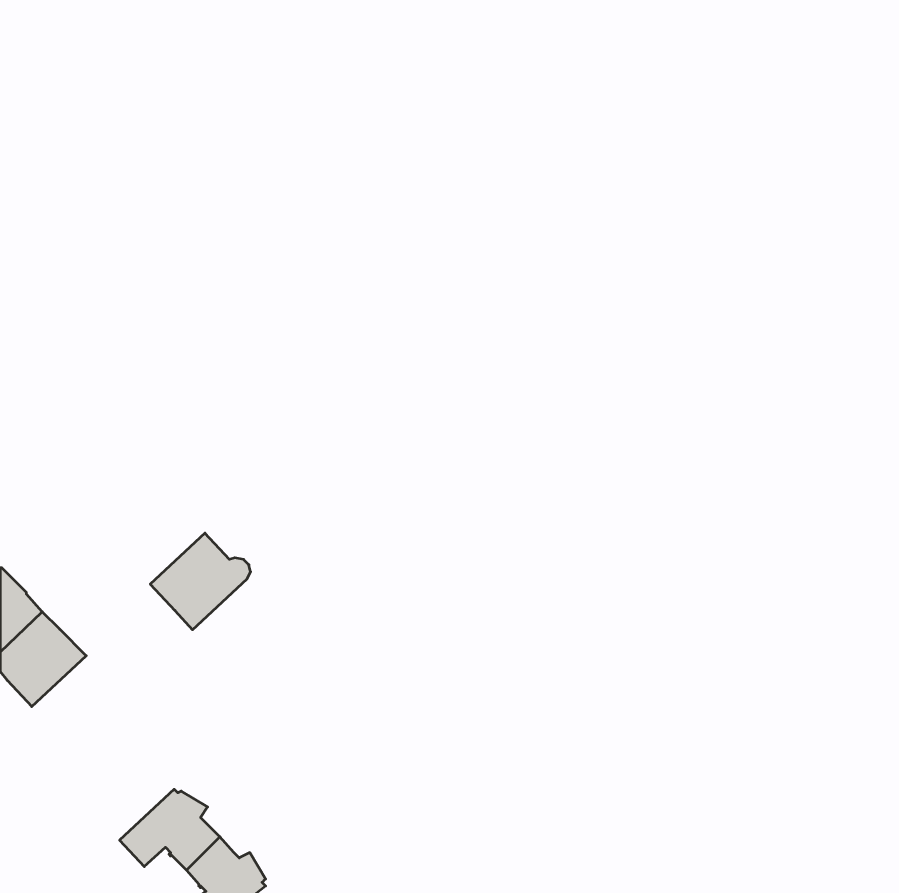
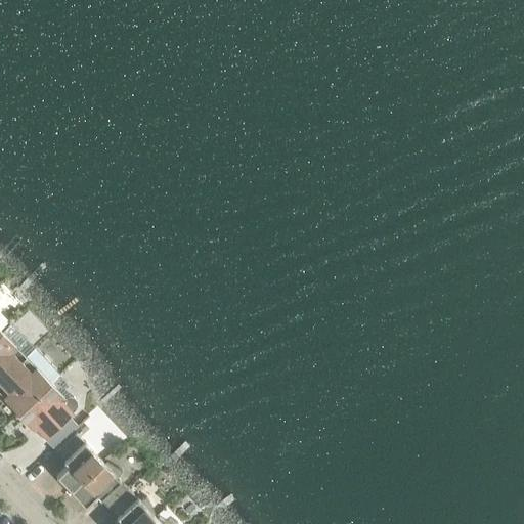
building: [150,533,251,630] -> [18,385,77,441]
building: none -> [55,435,101,492]

